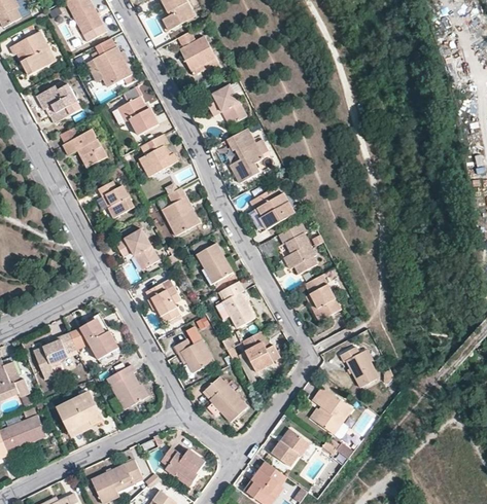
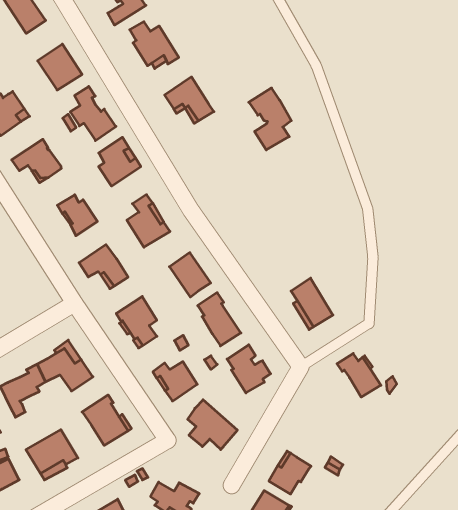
building: [227,129,264,184] -> [249,88,291,150]
building: [251,187,295,229] -> none
building: [279,223,318,275] -> none
building: [312,388,352,435] -> none

